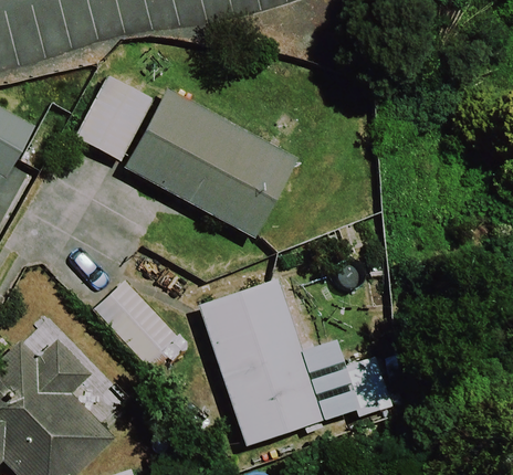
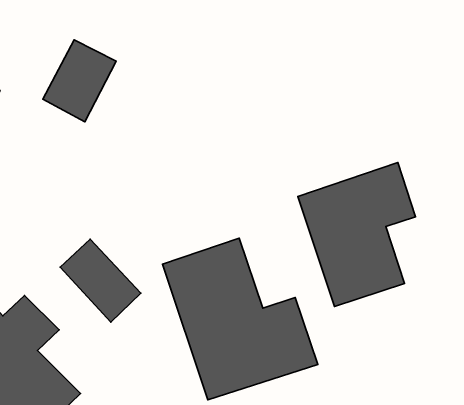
building: [123,87,299,239] -> none
building: none -> [298,162,416,306]

